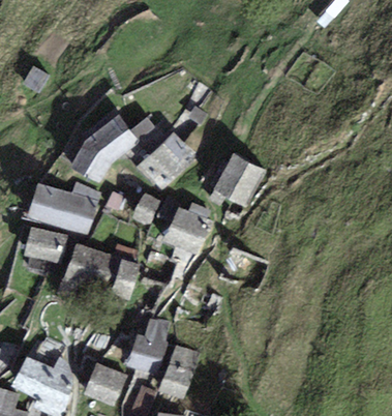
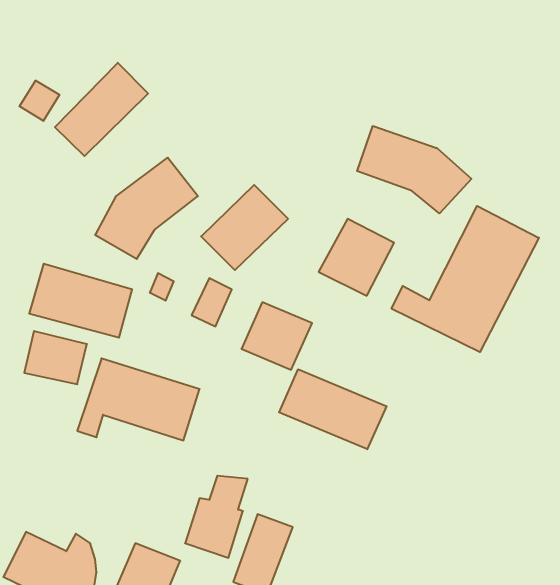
building: none -> [55,63,148,156]
building: none -> [357,126,471,213]
building: none -> [392,206,539,352]
building: none -> [279,369,386,449]

